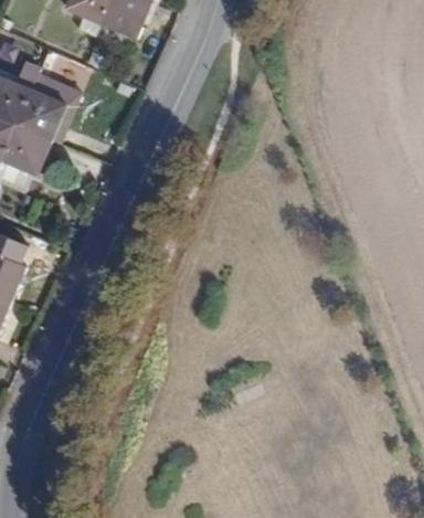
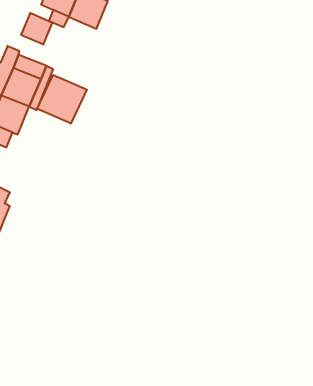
building: none -> [21,13,52,45]
building: none -> [37,75,87,124]

